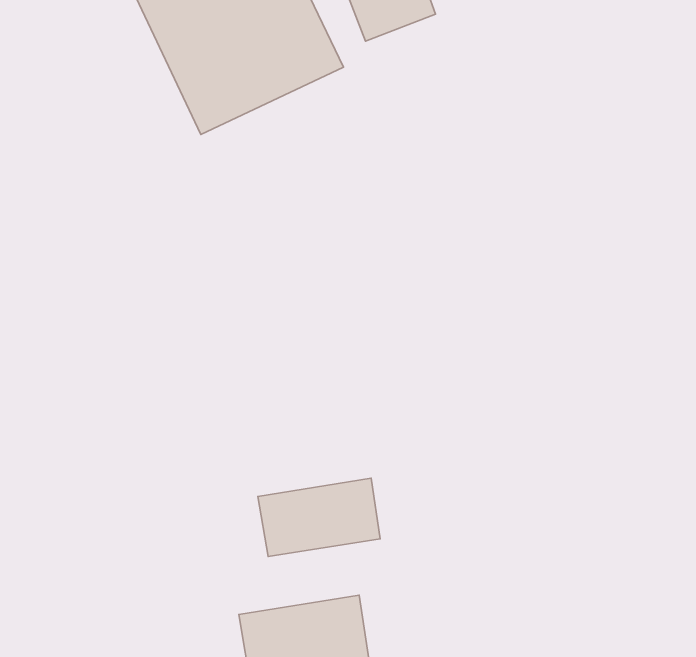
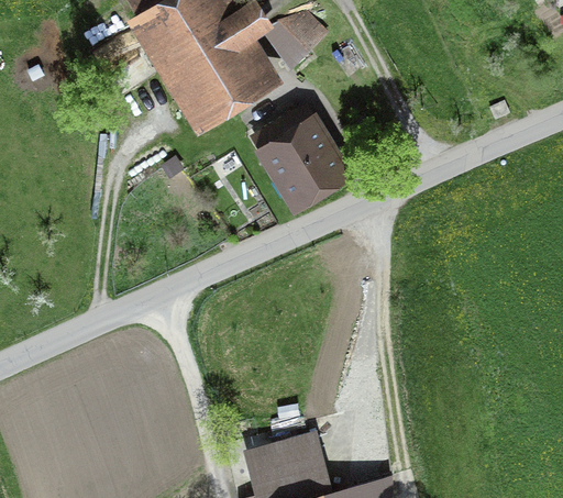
building: none -> [255,111,353,213]
building: [258,478,380,556] -> none

